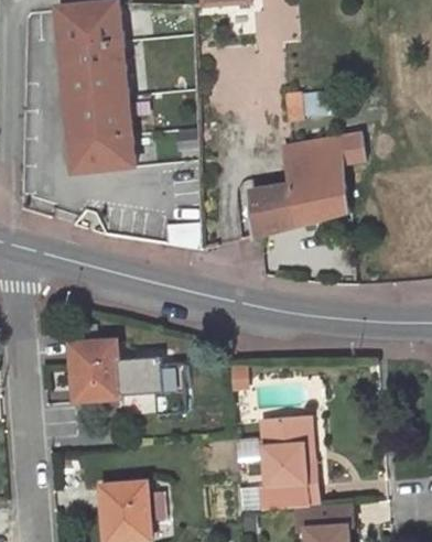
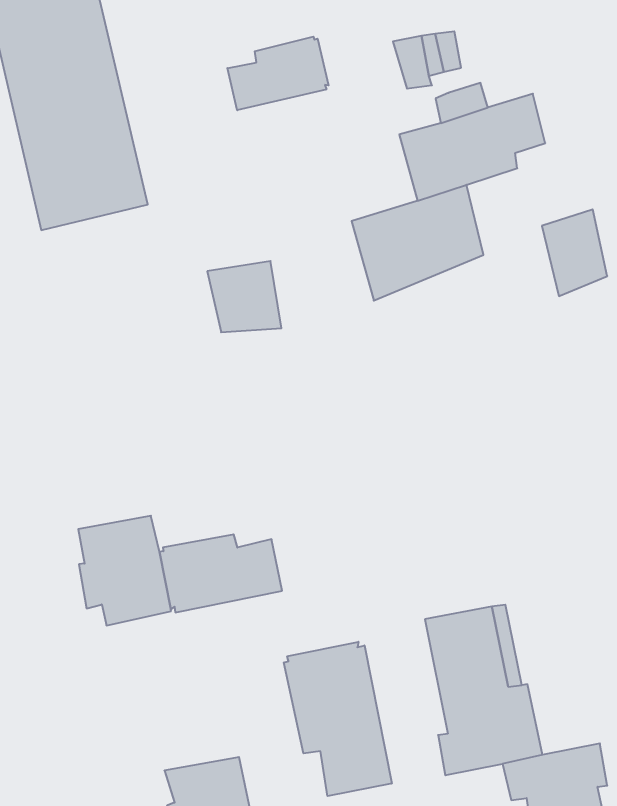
building: none -> [227,37,329,110]
building: [315,173,348,219] -> [542,209,607,296]
building: none -> [284,642,392,796]

